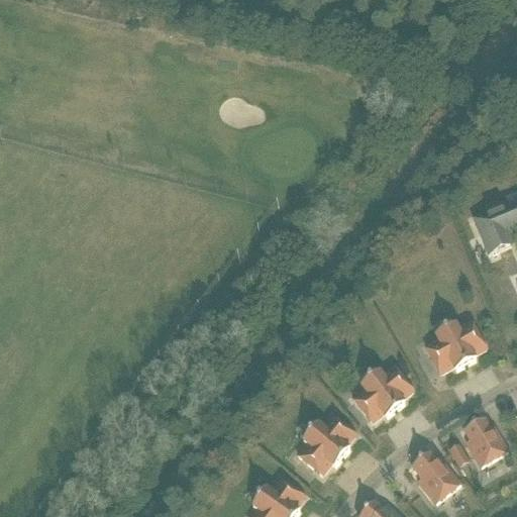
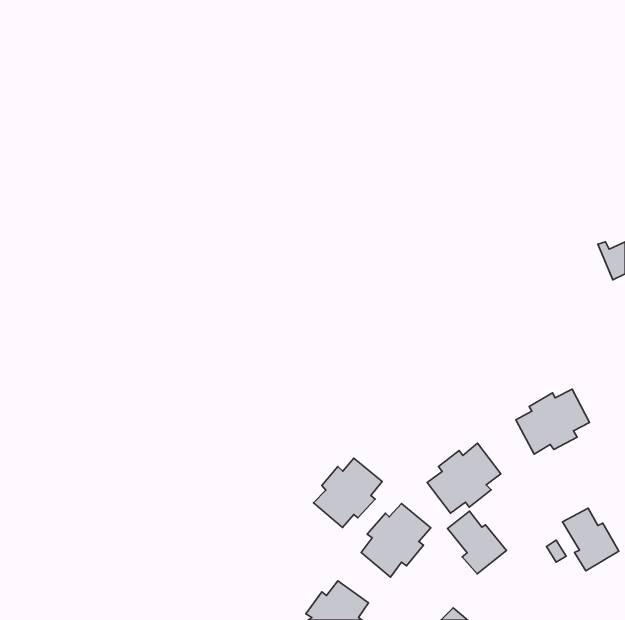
building: [472,201,510,254] -> none
building: none -> [313,458,382,528]
building: [411,451,459,503] -> [448,511,506,574]

